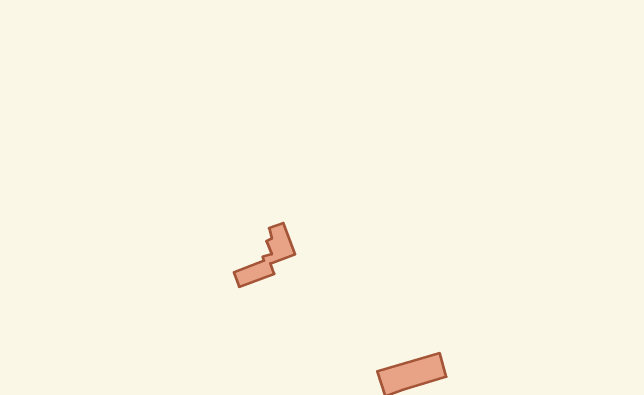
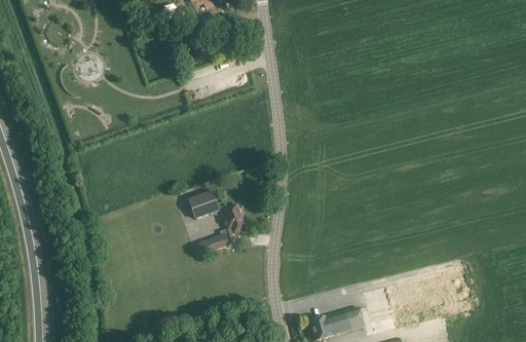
building: none -> [187,190,219,219]

